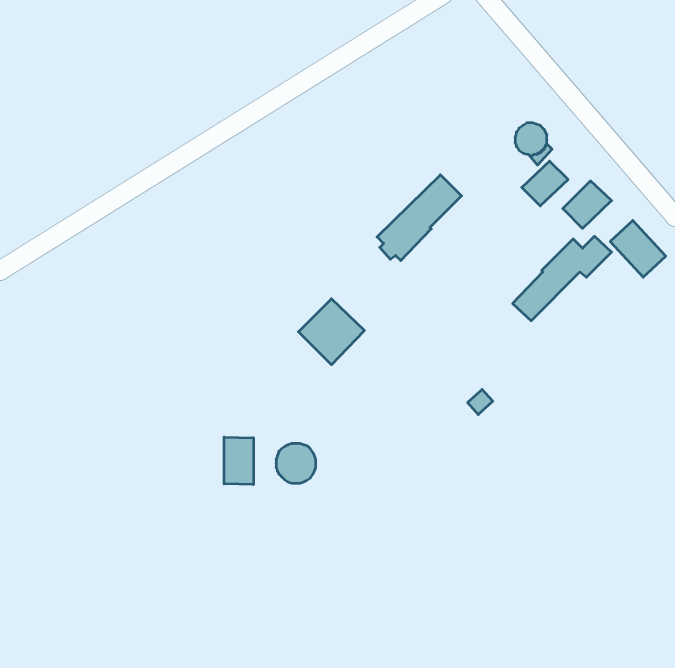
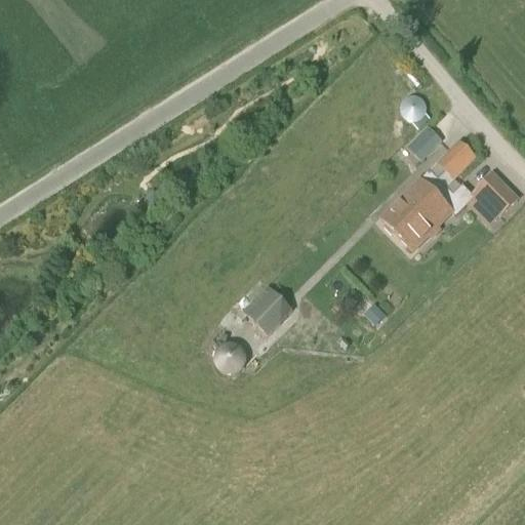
building: [377,175,462,261] -> [379,169,445,236]
building: [298,299,364,365] -> [241,285,292,336]
building: [224,437,253,485] -> none

